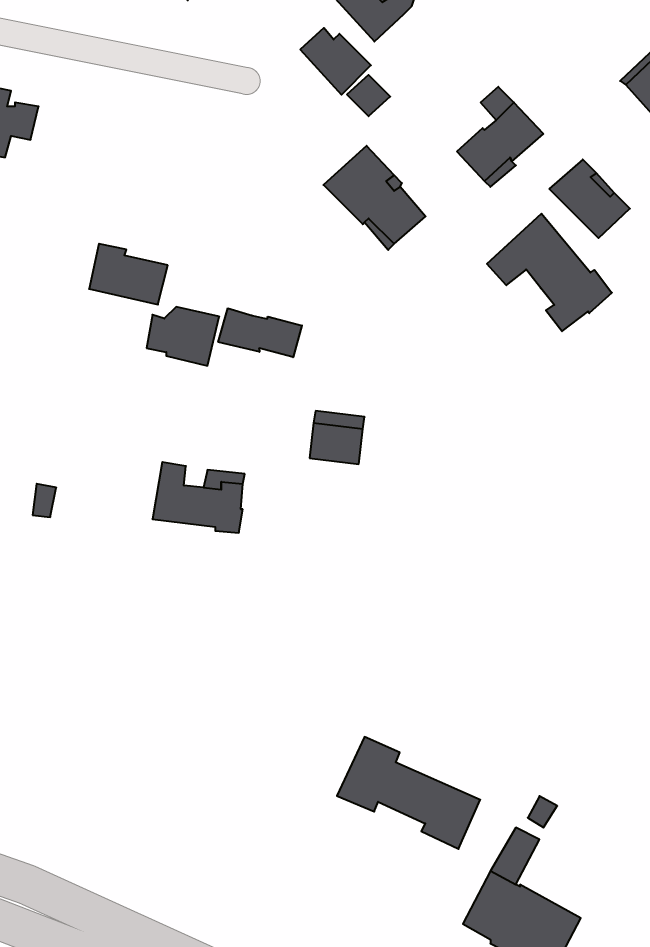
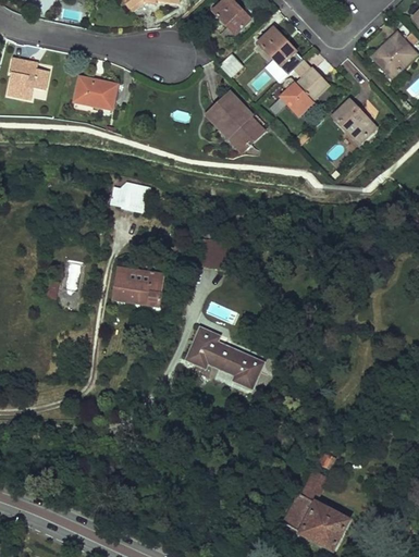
building: [300,28,371,95] -> [257,29,296,66]
building: [487,214,612,331] -> none
building: [89,244,168,305] -> [73,75,116,109]
building: [218,308,302,357] -> none
building: [337,737,480,849] -> [184,326,263,388]

